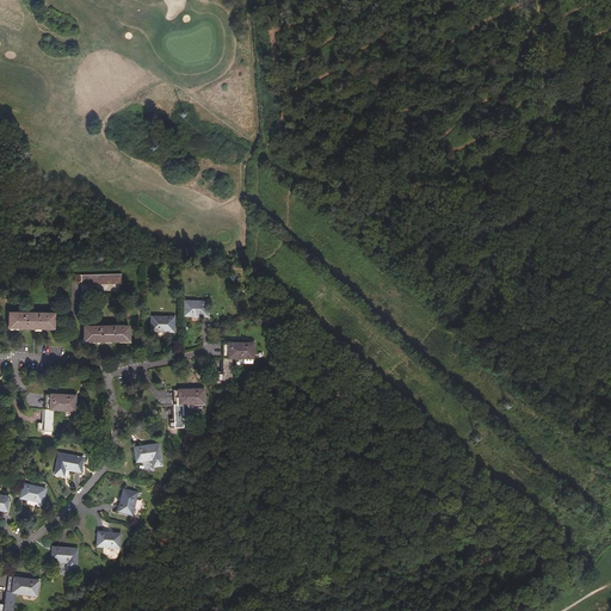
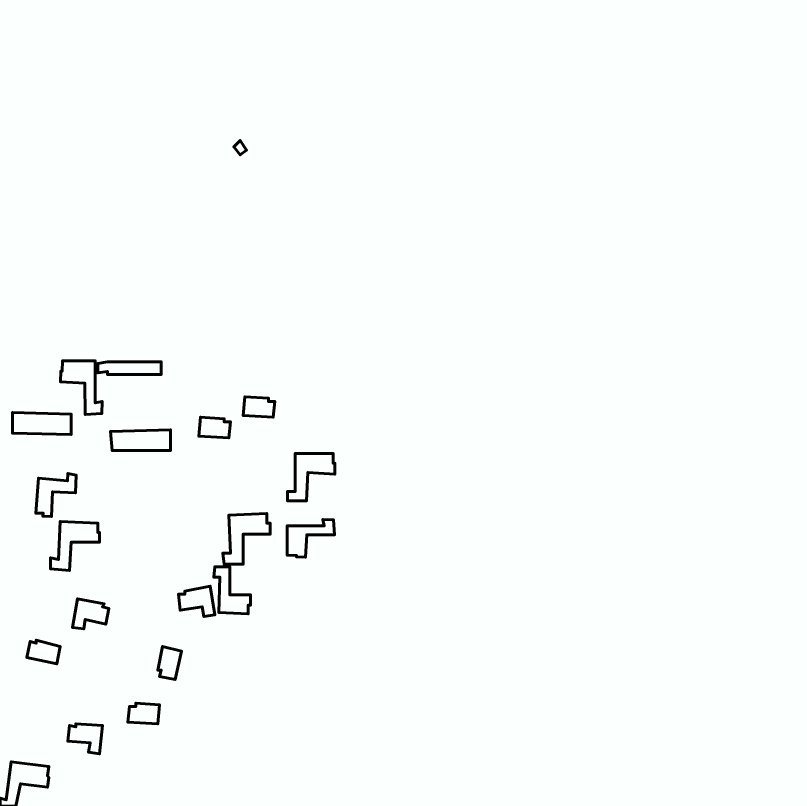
building: none -> [60,361,102,414]
building: none -> [36,473,76,517]
building: none -> [287,519,334,557]
building: none -> [214,567,251,614]

